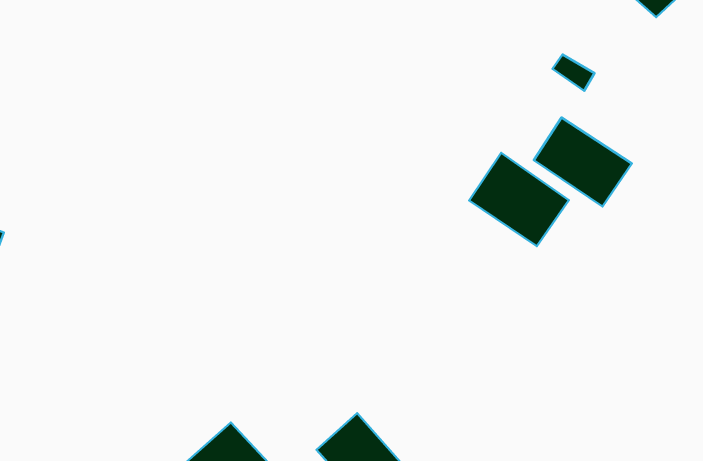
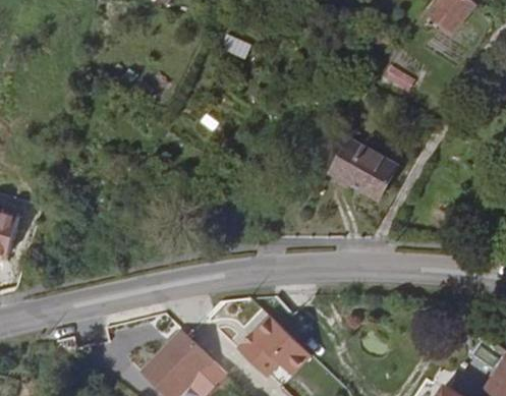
building: [534,117,632,207] -> none

